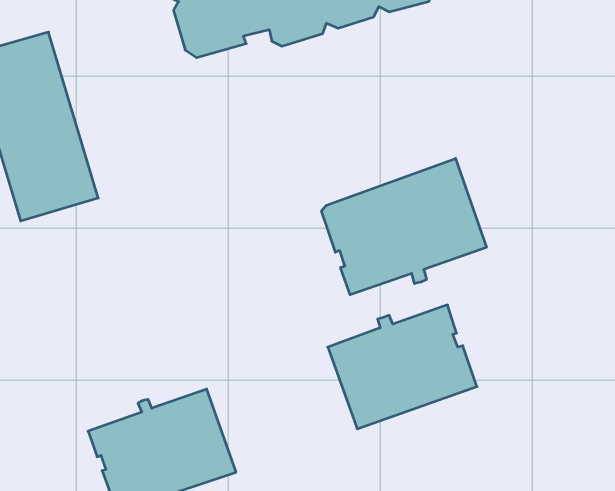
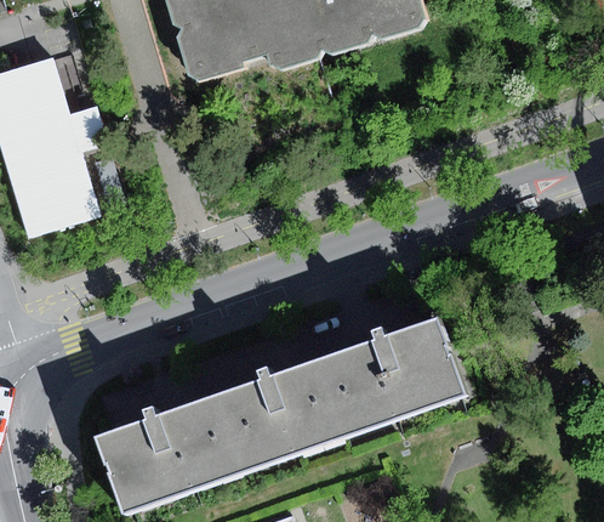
building: [322,158,486,295] -> none
building: none -> [207,357,351,476]

